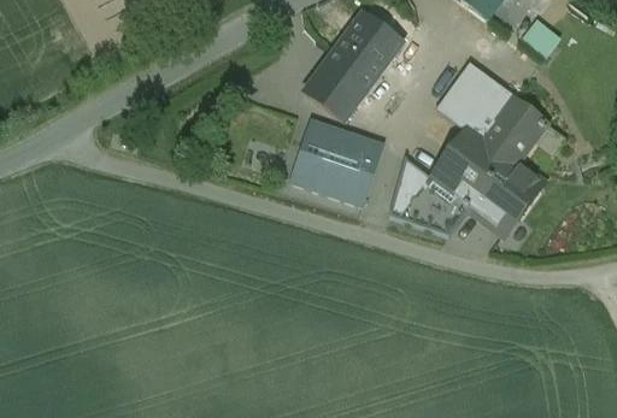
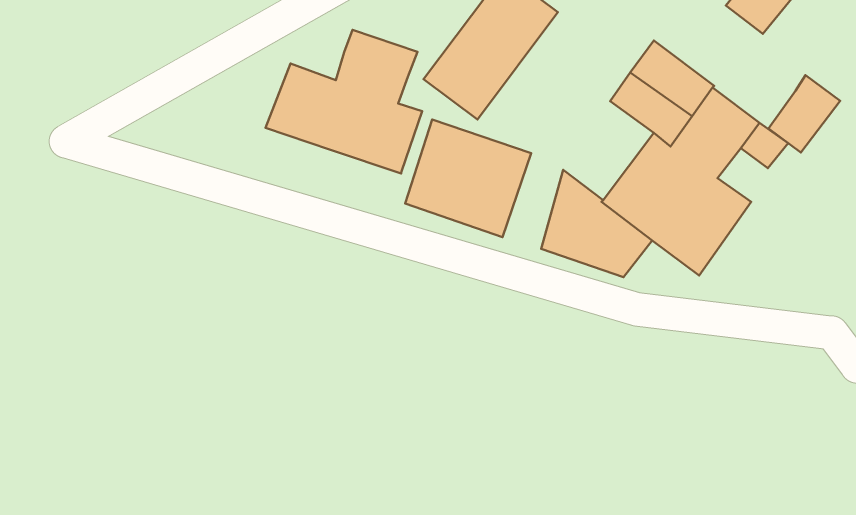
building: none -> [265,30,422,173]
building: none -> [768,75,840,153]

